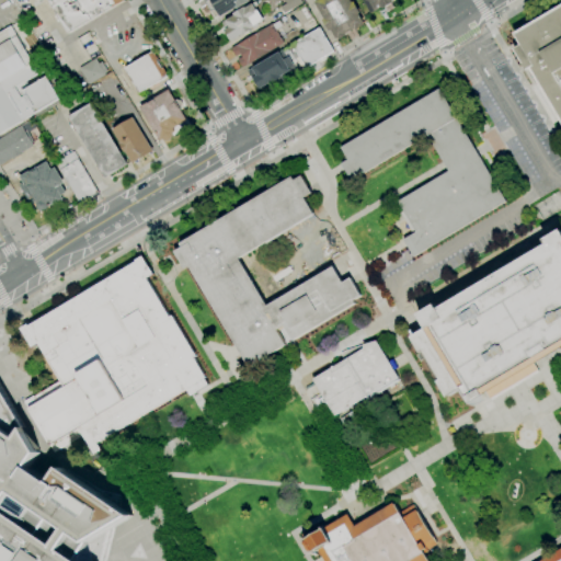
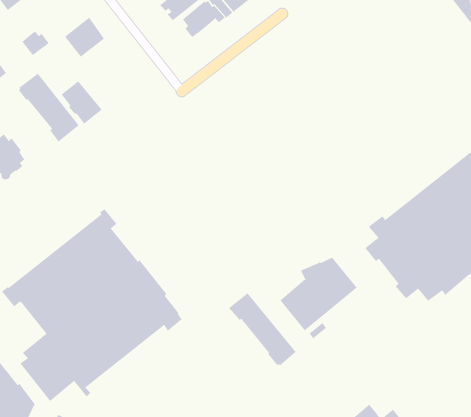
building: [340,88,505,255] -> none
building: [138,89,186,140] -> none
building: [54,150,99,204] -> none
building: [173,174,359,366] -> none
building: none -> [228,293,297,366]

